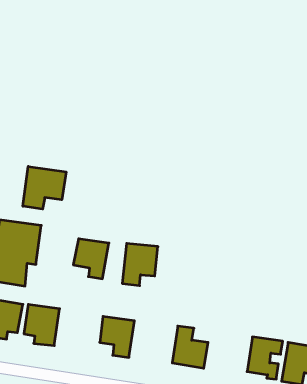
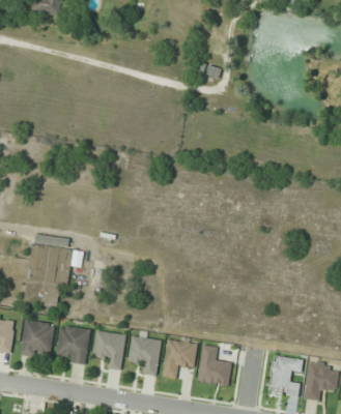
building: [23,166,66,209] -> none
building: [73,239,109,279] -> [92,330,126,368]
building: [122,243,158,286] -> [163,337,197,378]

